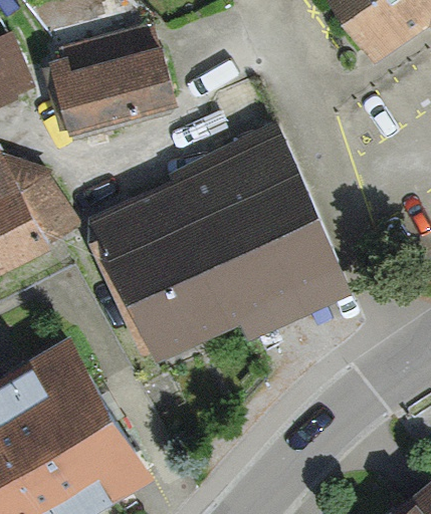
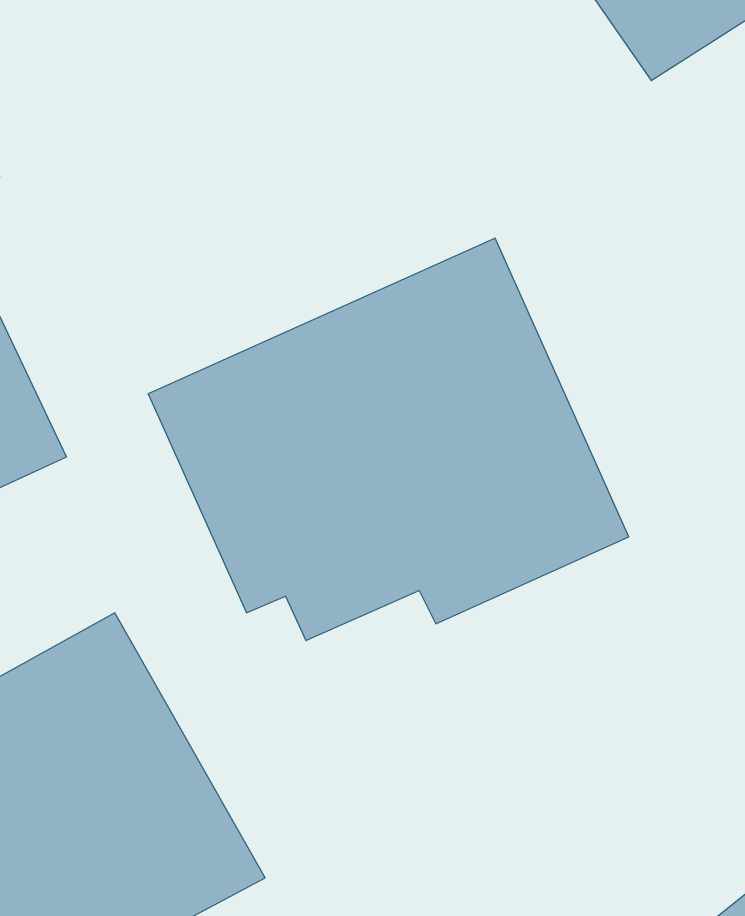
building: [40,48,162,144] -> none

